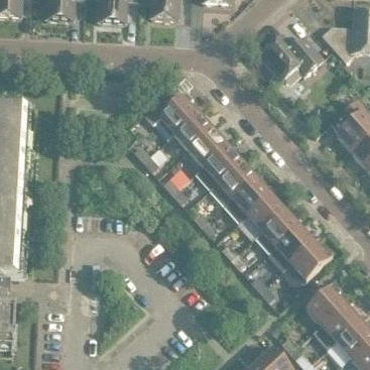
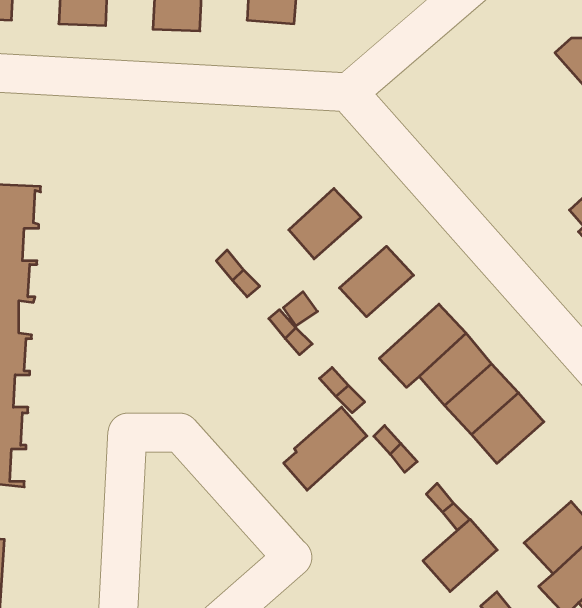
building: [258,34,324,82] -> none
building: [143,94,200,135] -> none
building: [189,128,229,167] -> none
building: [212,160,258,207] -> [284,407,367,490]
building: [290,242,332,282] -> [423,519,497,592]

